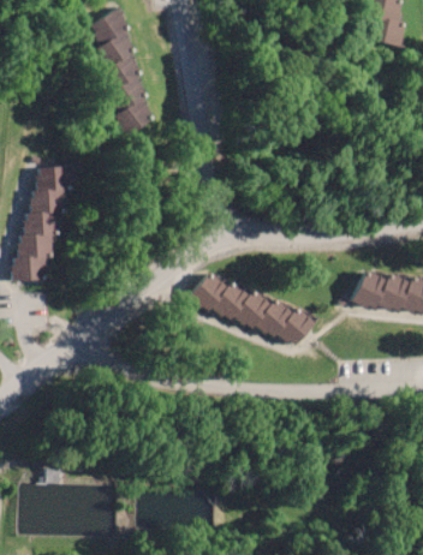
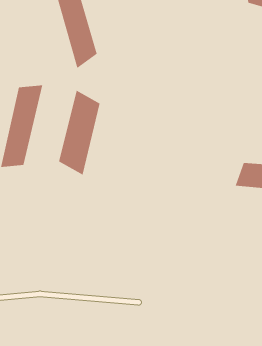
building: none -> [58,90,100,175]
building: [187,275,318,347] -> none

